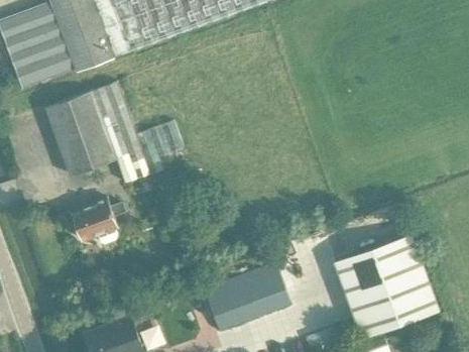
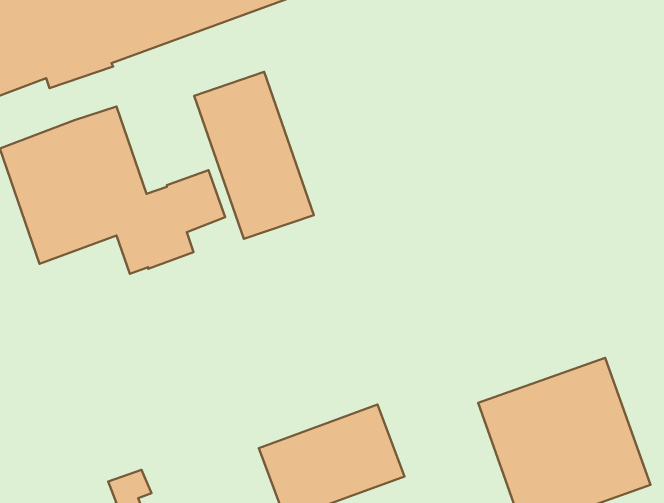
building: none -> [194,72,314,239]
building: [71,198,123,244] -> none

